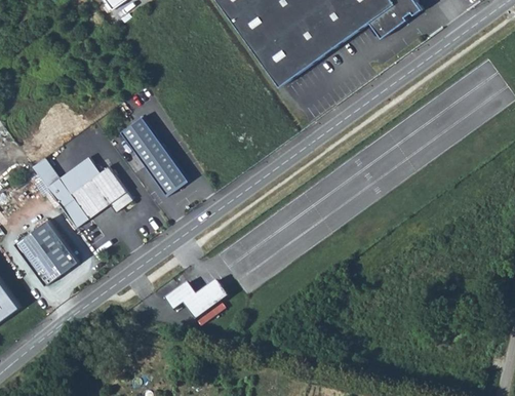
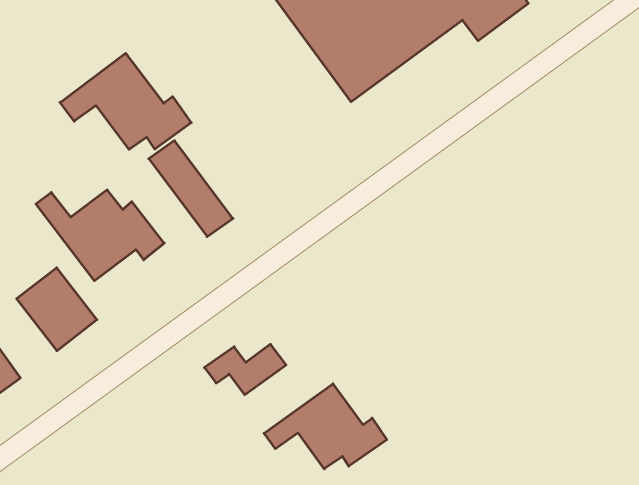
building: none -> [60,53,191,149]
building: none -> [264,384,387,469]

